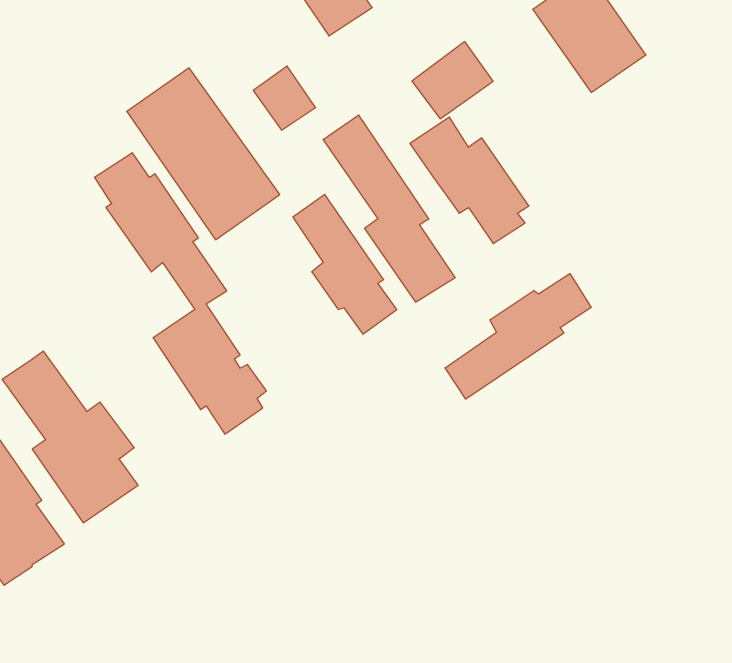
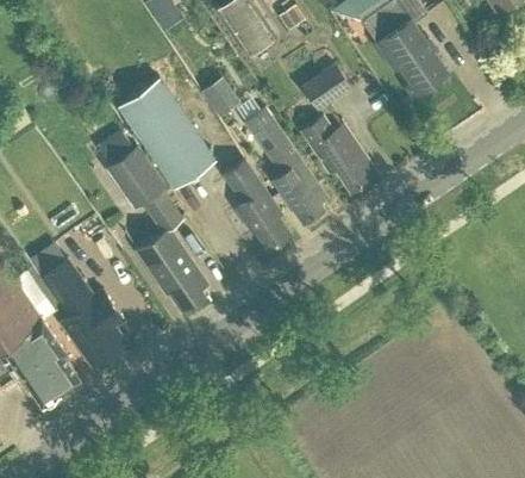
building: [445,274,591,399] -> none

